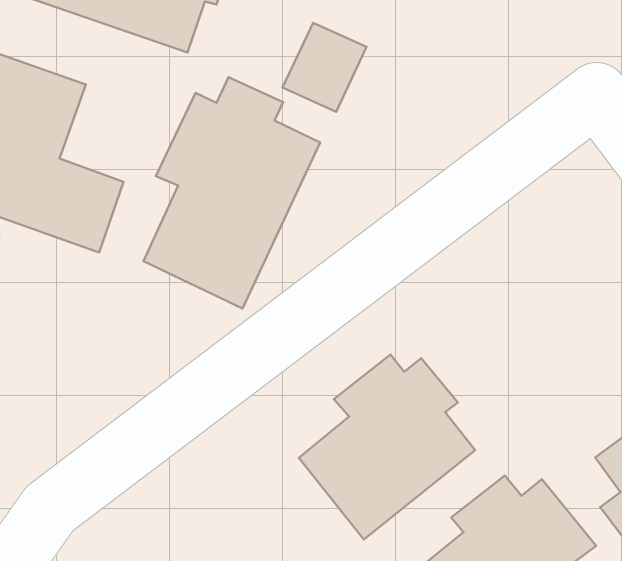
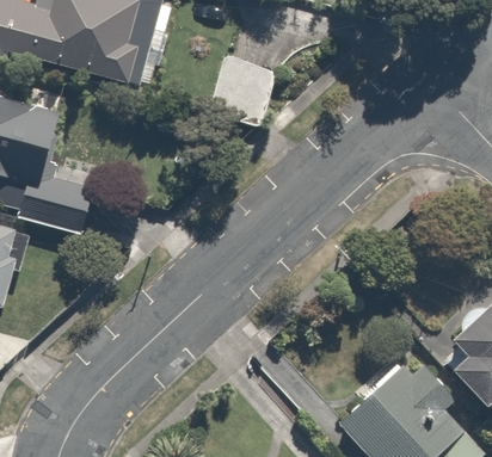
building: [143,77,320,308] -> none
building: [299,354,475,540] -> none

